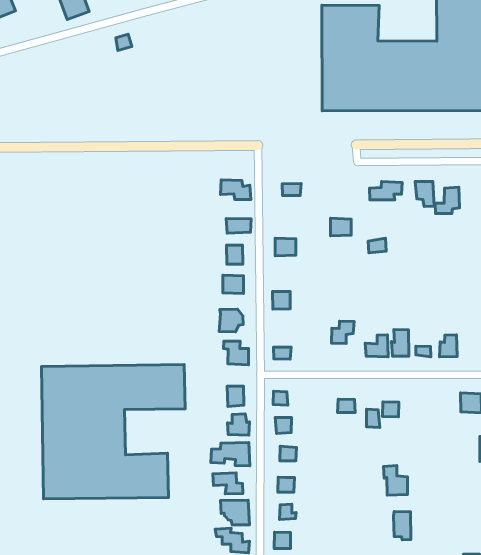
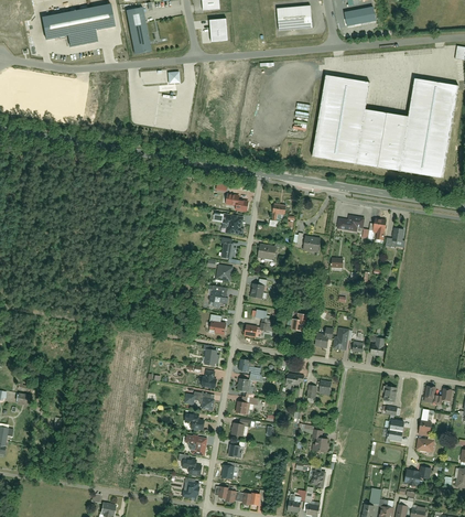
building: [42,365,185,499] -> none

